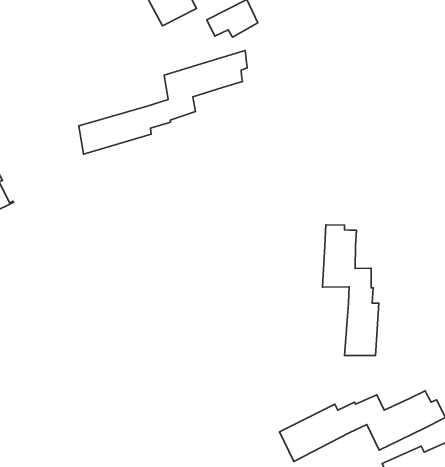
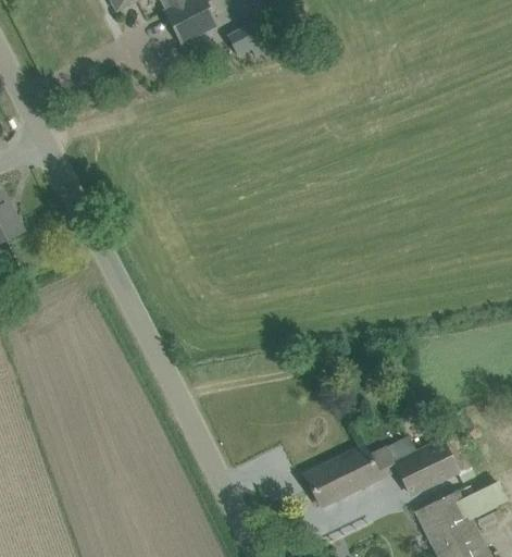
building: [79,51,247,154] -> none
building: [323,225,379,356] -> none

